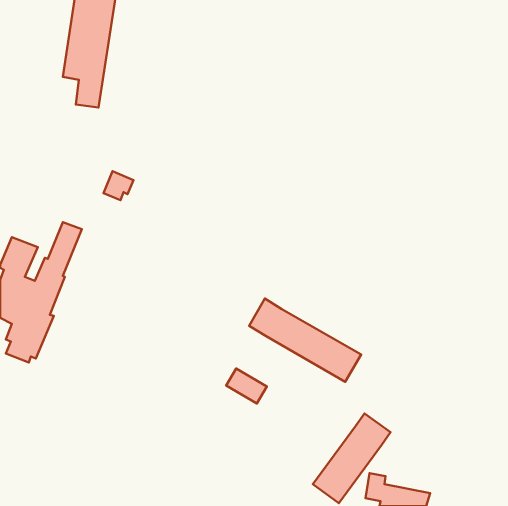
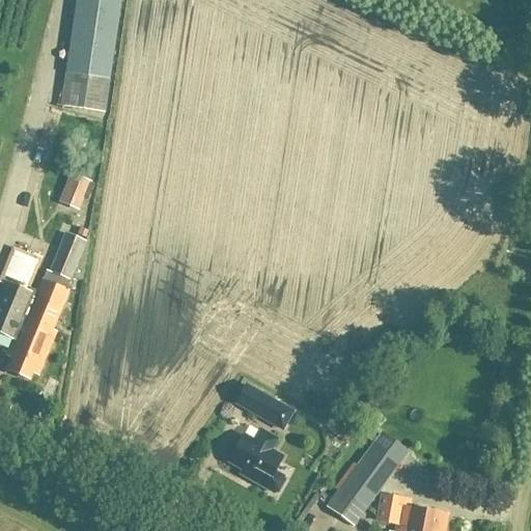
building: [104,171,133,200] -> [62,174,93,204]
building: [249,299,361,382] -> none
building: none -> [229,429,285,492]

